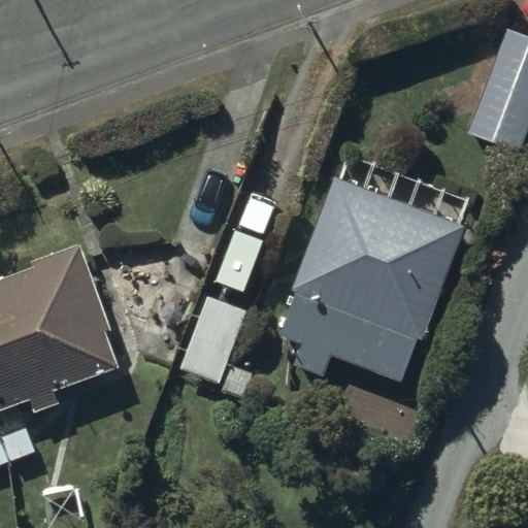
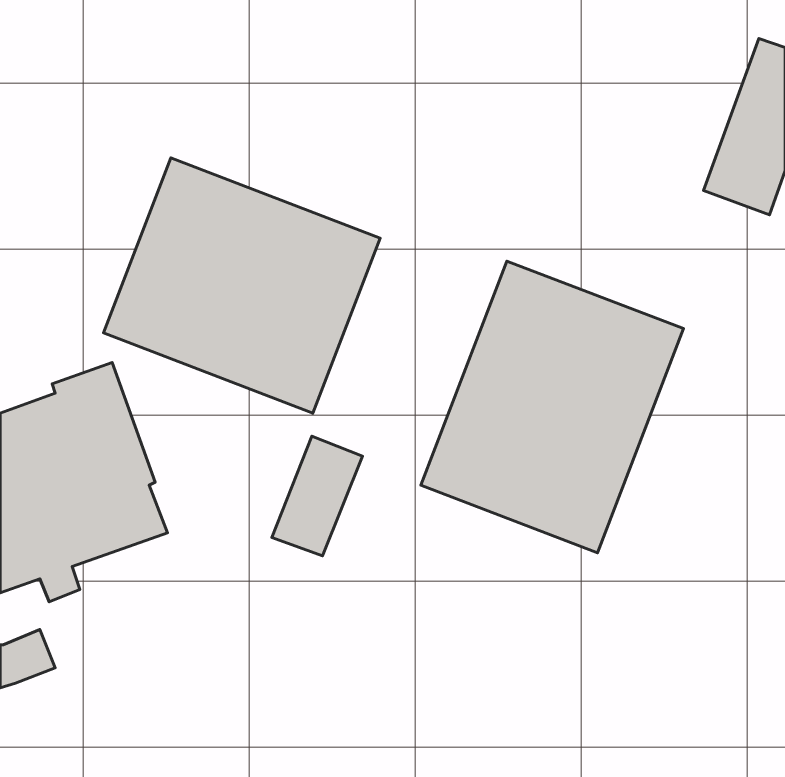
building: none -> [103,158,380,413]

